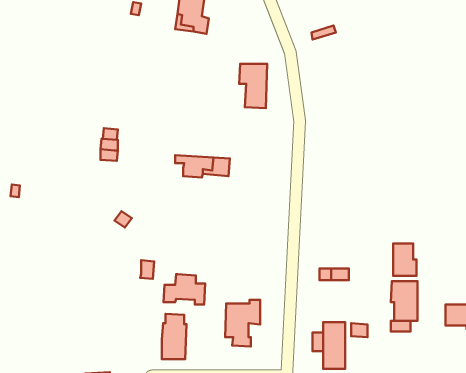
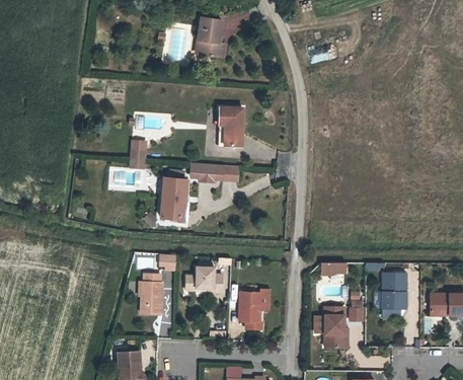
building: [239,64,267,108] -> [219,107,243,146]
building: none -> [161,178,186,223]
building: [393,243,416,276] -> none
building: [162,314,186,359] -> [141,274,162,313]

